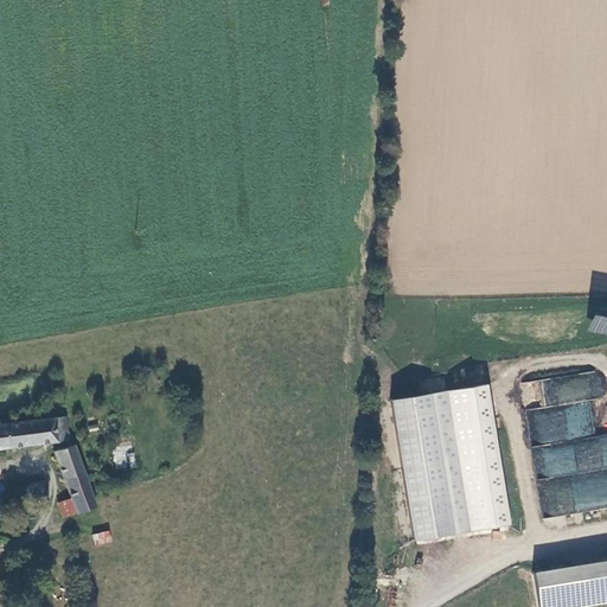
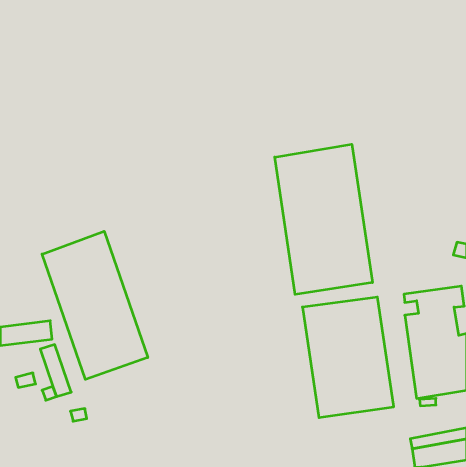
building: none -> [275,144,372,294]
building: none -> [42,231,148,379]

